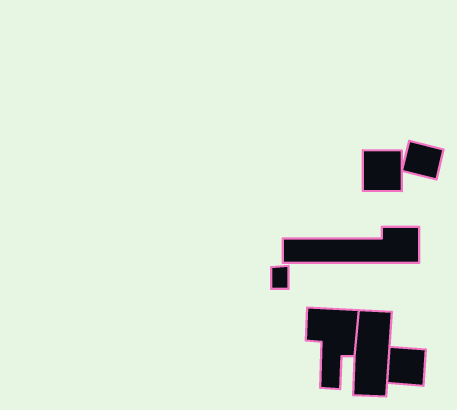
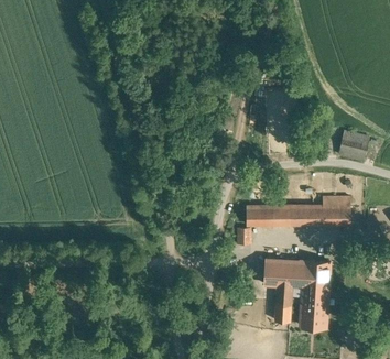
building: [363,150,402,191] -> none
building: [387,347,426,386] -> none

